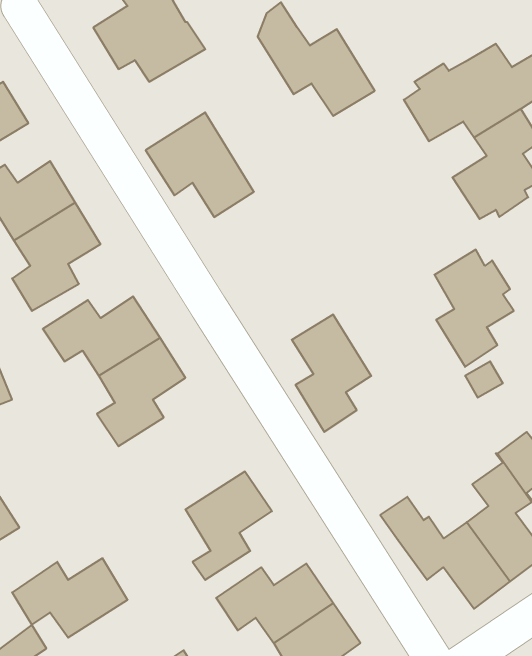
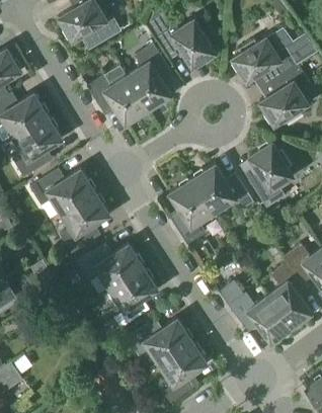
building: none -> [127,45,171,110]
building: none -> [192,165,253,214]
building: [12,558,128,638] -> [78,244,143,288]

